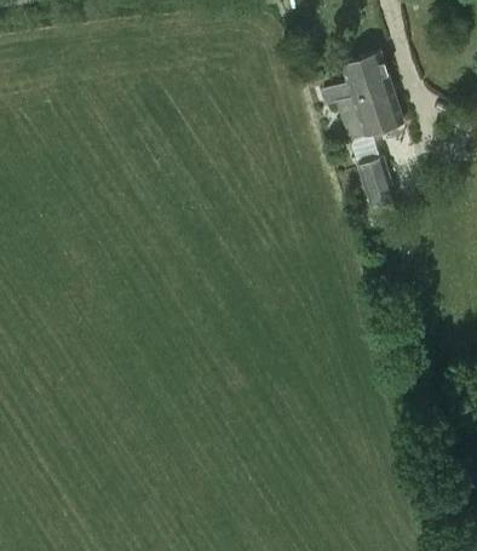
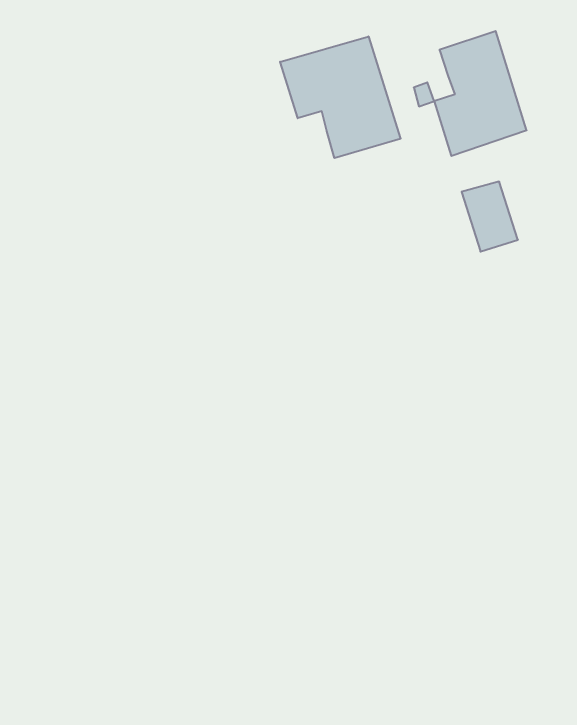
building: none -> [280,36,401,158]

